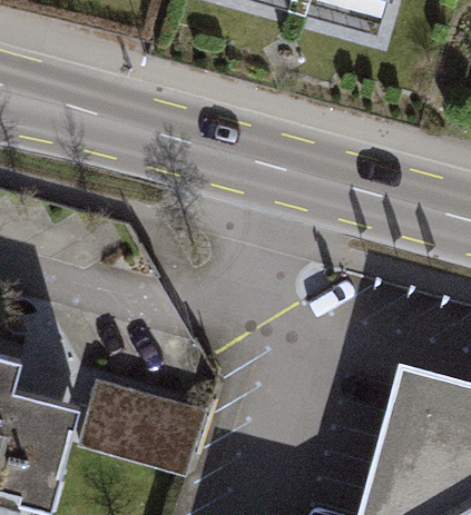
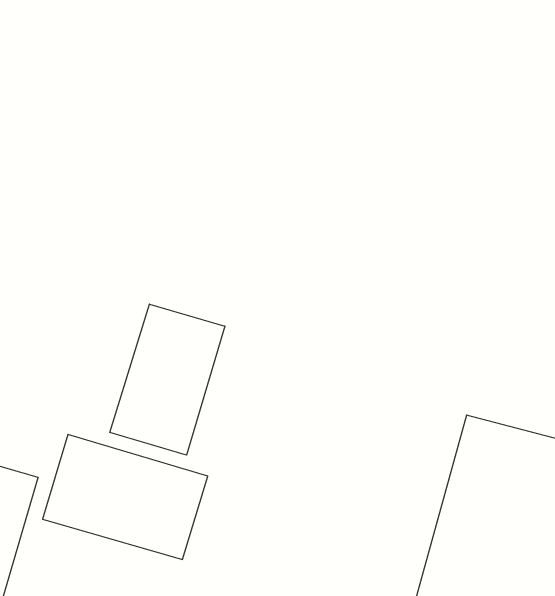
building: none -> [110,304,225,455]

